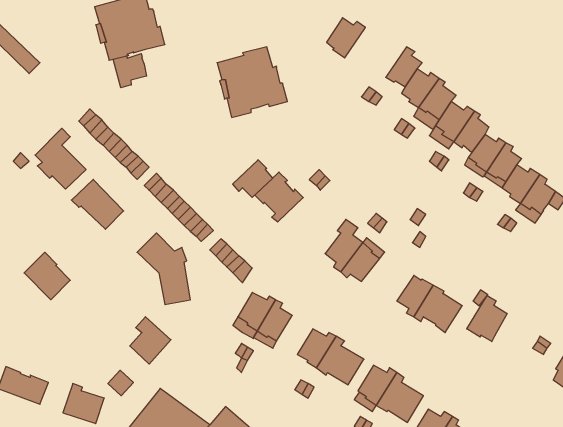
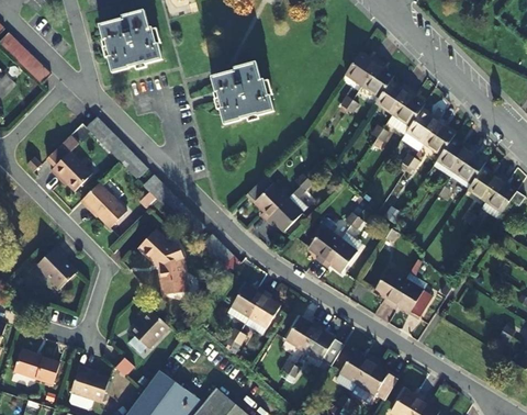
building: [327,18,365,58] -> [347,53,382,89]
building: [113,54,147,88] -> none
building: [233,160,273,197] -> [266,198,302,232]
building: [467,295,507,342] -> none

